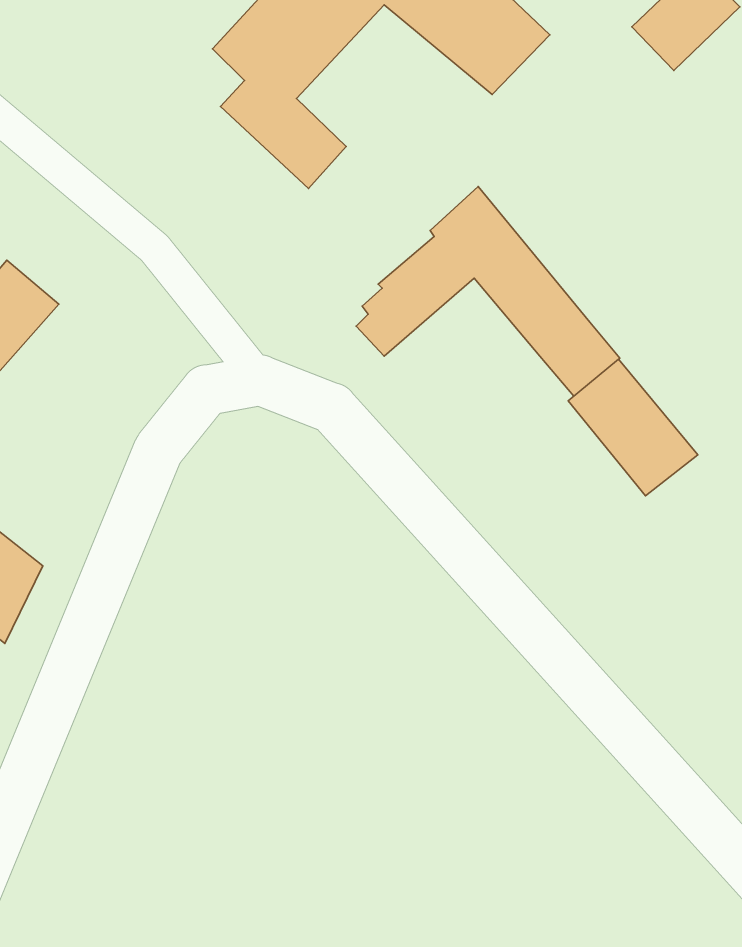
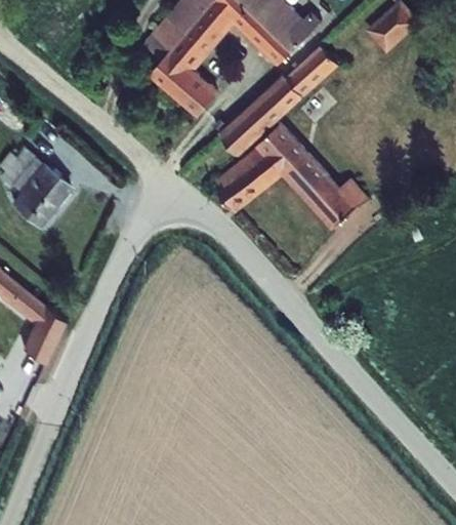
building: none -> [224,41,334,153]
building: [568,359,698,496] -> none

